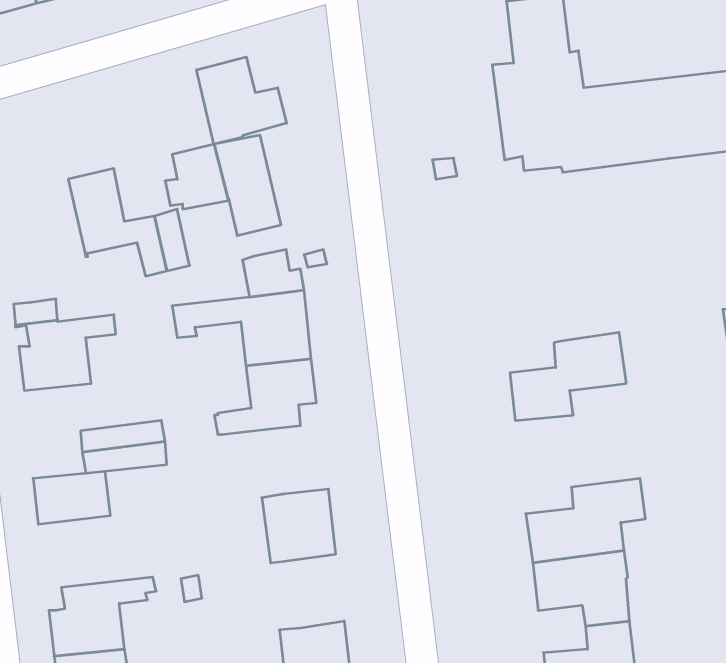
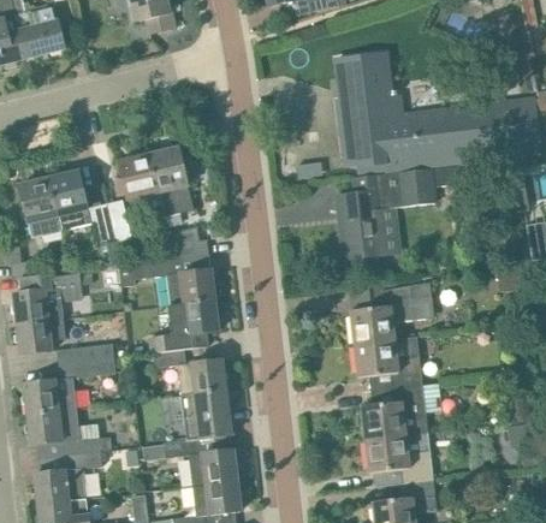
building: [197,57,287,144] -> none
building: none -> [337,162,462,258]
building: none -> [18,177,60,237]
building: none -> [18,316,66,353]
building: none -> [354,335,421,387]
building: none -> [153,347,226,394]
building: none -> [28,406,113,456]
building: none -> [164,438,237,485]

